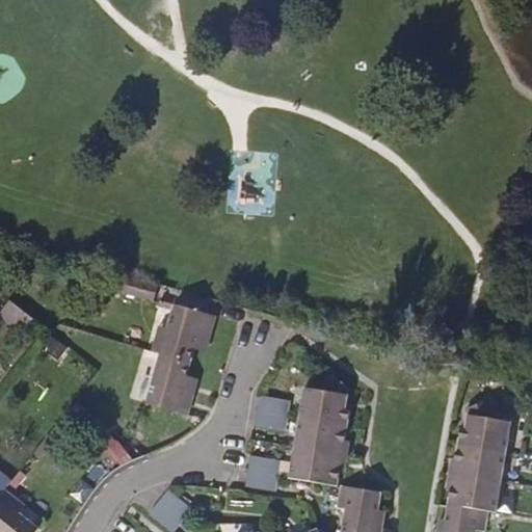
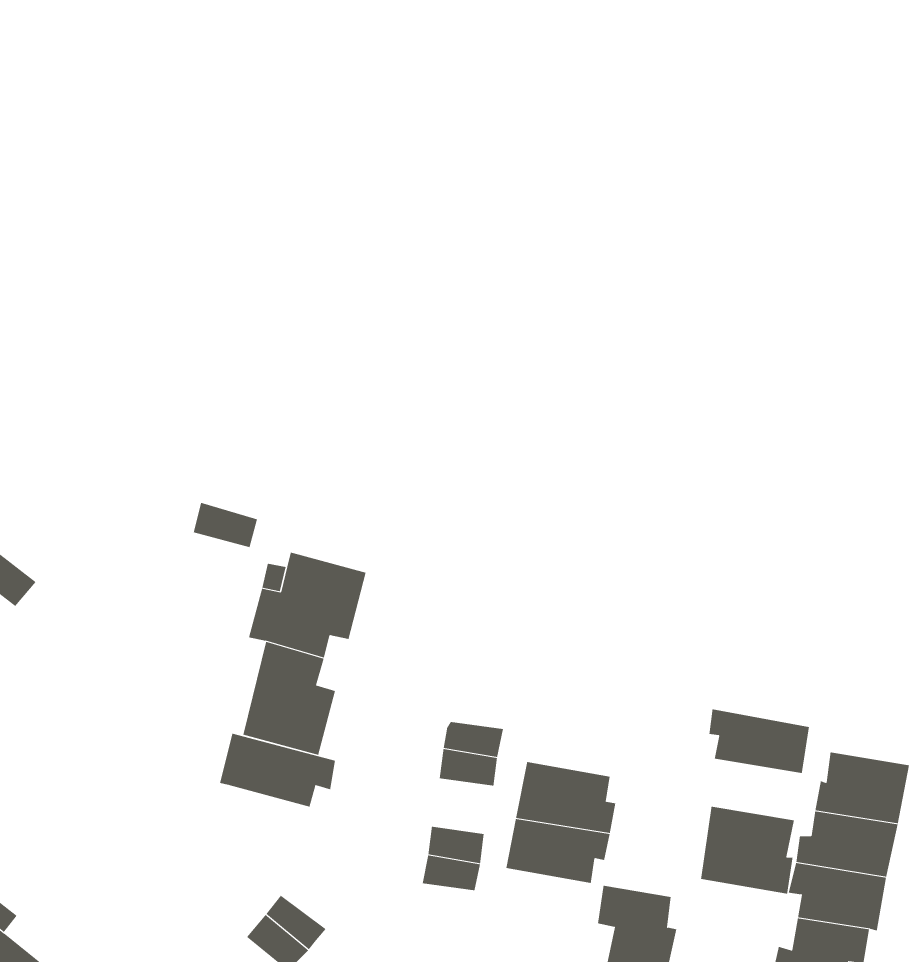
building: [301,387,349,426] -> none
building: none -> [709,709,809,774]
building: none -> [219,733,336,808]
building: none -> [701,806,794,895]

